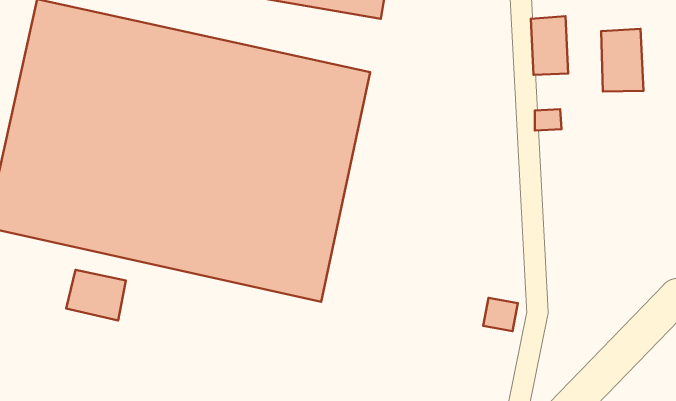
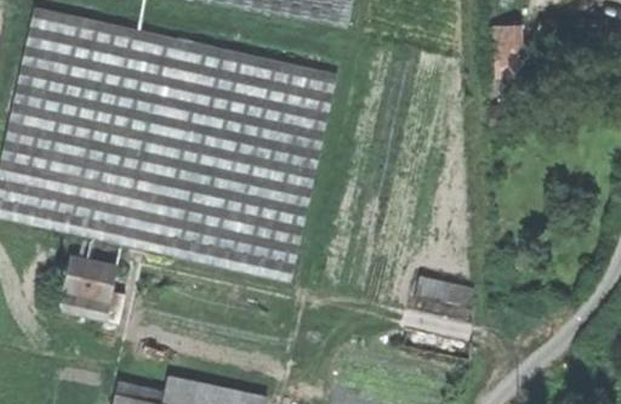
building: [601,29,643,91] -> none

